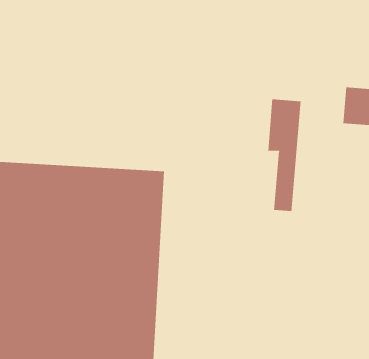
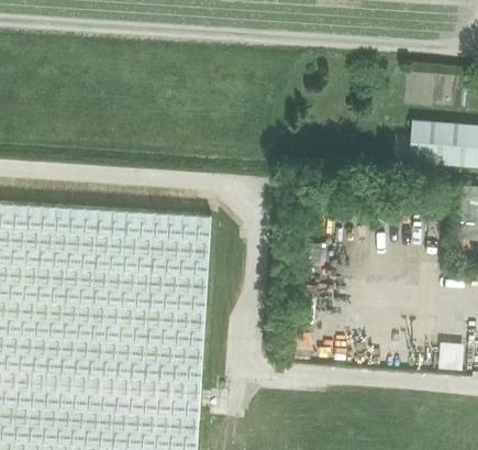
building: [268,99,301,212] -> none

